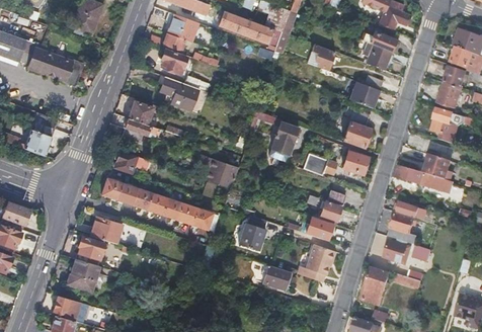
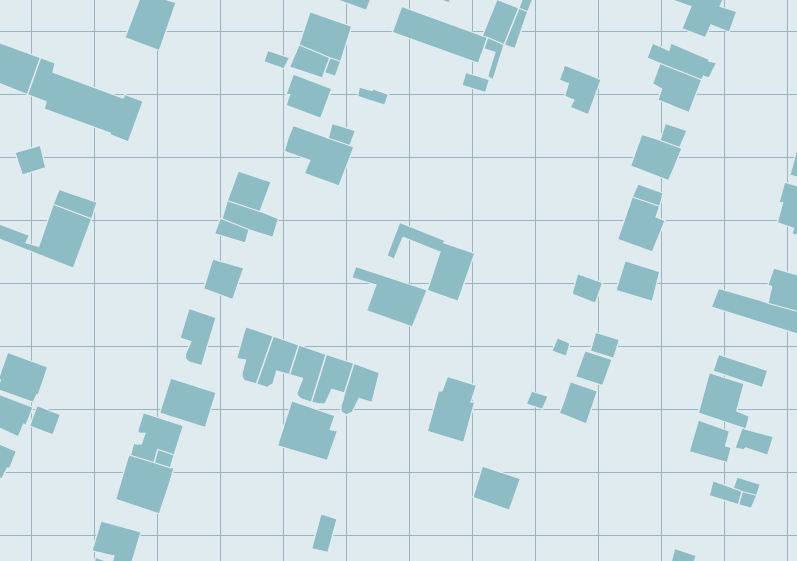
building: [248,108,297,152] -> [387,223,475,301]
building: [113,182,138,211] -> none
building: none -> [278,401,338,461]
building: [297,244,334,281] -> none
building: [363,267,389,305] -> none

